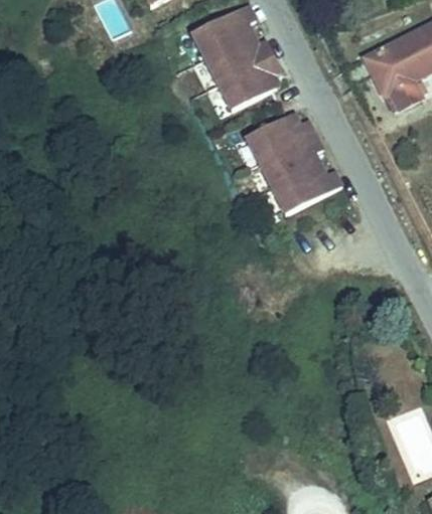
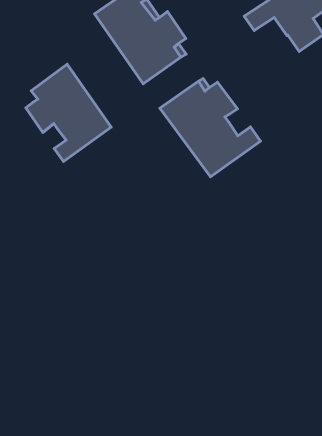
building: none -> [26,64,111,161]

